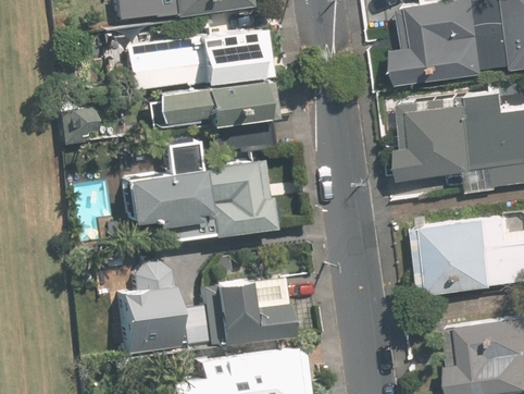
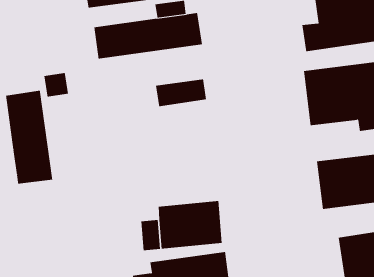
building: [154,82,272,131] -> none
building: none -> [6,90,53,185]
building: [123,144,271,239] -> none
building: [125,259,185,353] -> none

